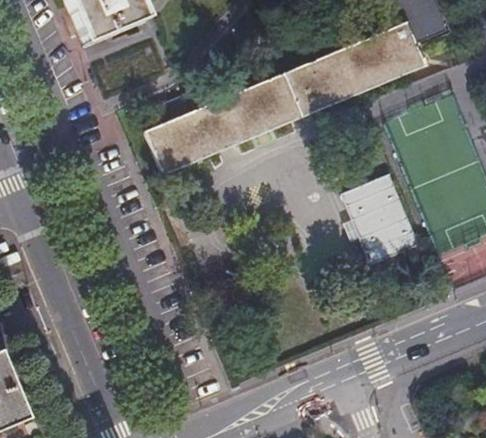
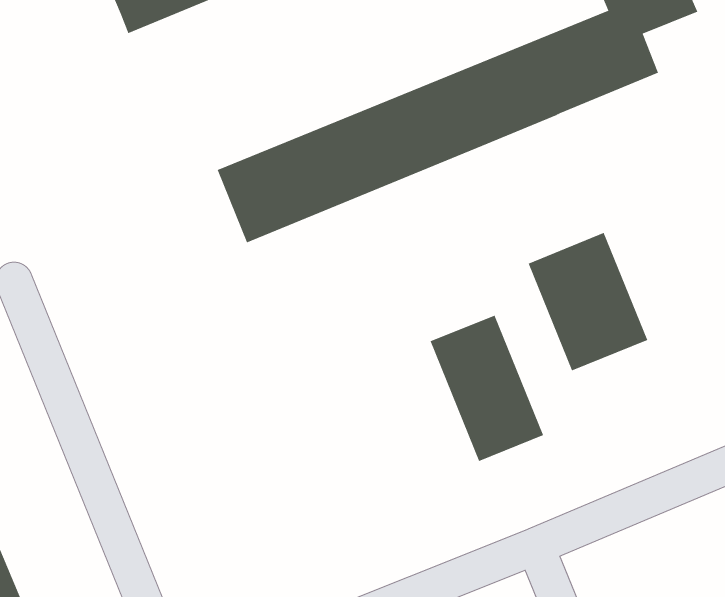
building: none -> [430,315,544,462]

